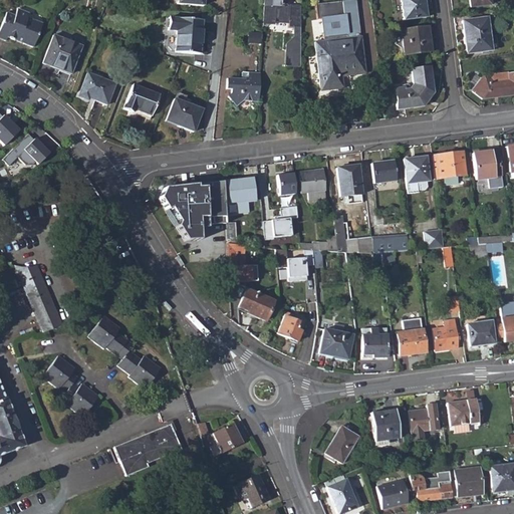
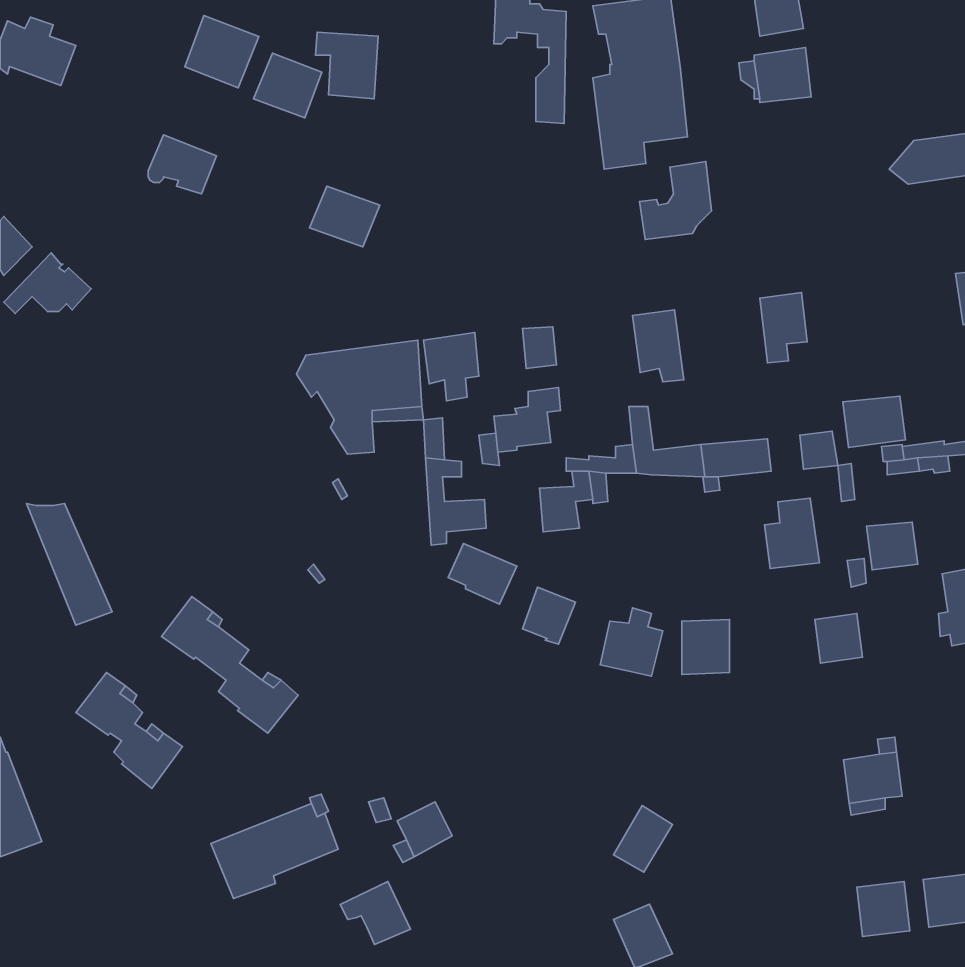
building: [464,16,493,52] -> none
building: [44,34,83,72] -> [185,15,259,88]
building: [396,66,434,107] -> [639,161,712,239]
building: [226,70,261,104] -> none
building: [124,83,161,117] -> [254,53,322,118]
building: [474,146,503,179] -> none
building: [434,151,467,178] -> [843,396,905,447]
building: [372,159,397,182] -> none
building: [301,168,327,200] -> none
building: [398,317,427,354] -> [764,498,820,568]
building: [469,320,496,345] -> [866,522,918,570]
building: [410,403,444,439] -> none
building: [371,409,401,440] -> none
building: [411,470,454,499] -> none
building: [233,474,270,507] -> [340,882,411,944]
building: [377,479,409,507] -> none

